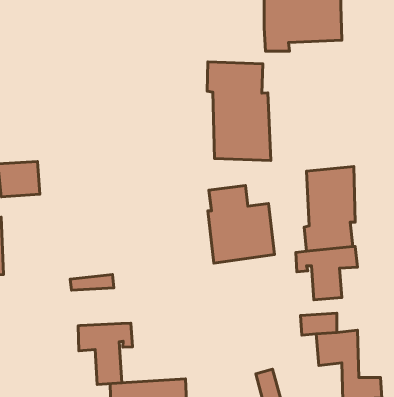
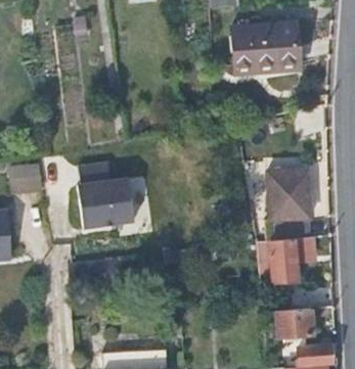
building: [207,62,271,160] -> none
building: [208,185,274,263] -> [79,163,135,228]
building: [78,323,133,385] -> none

